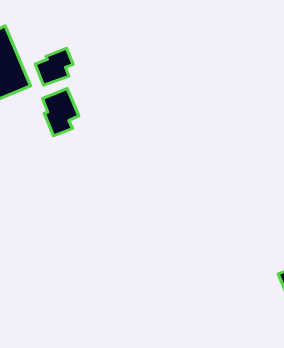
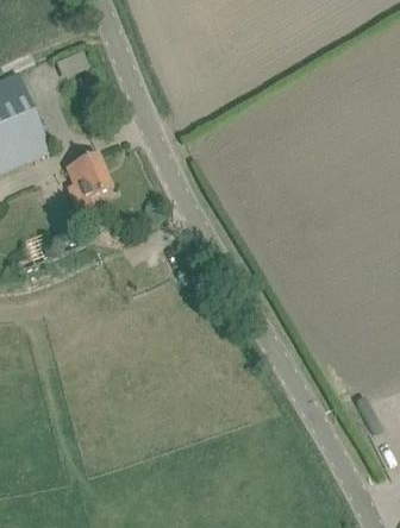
building: [35,48,73,85] -> none

